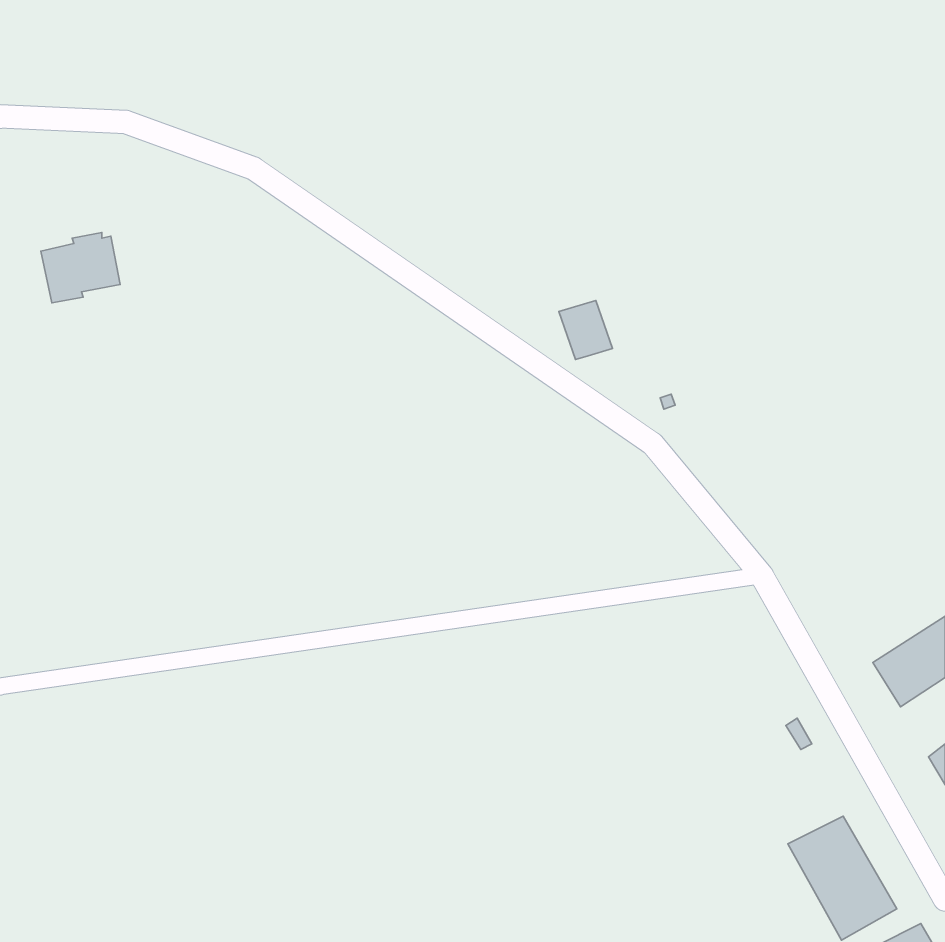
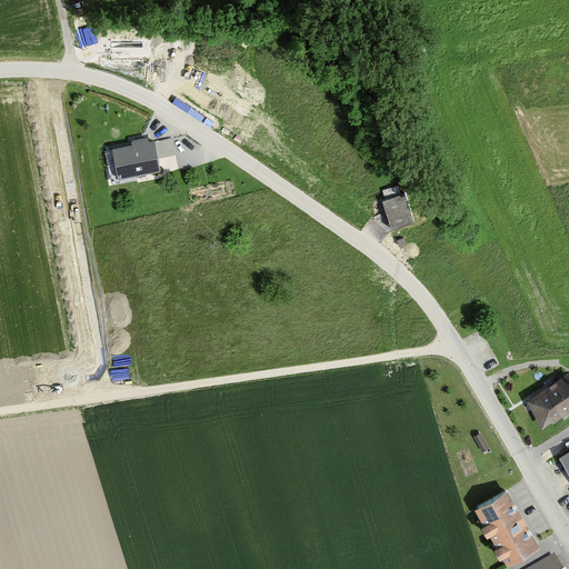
building: [41,233,120,303] -> [109,137,157,179]
building: [559,300,612,360] -> [381,196,413,231]

